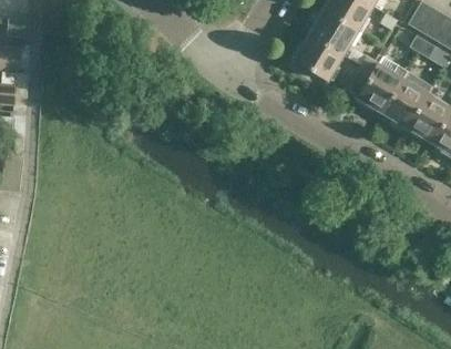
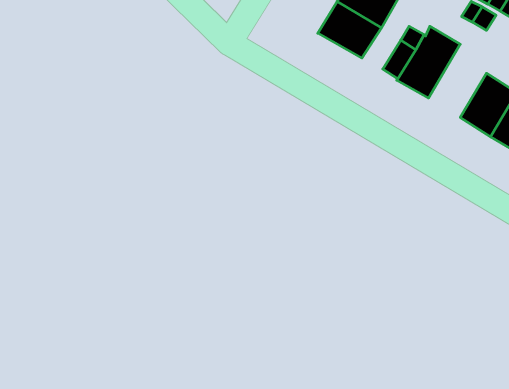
building: [381,70,432,129] -> none

